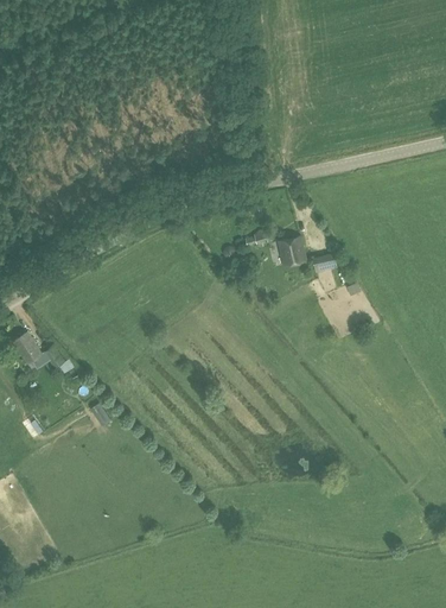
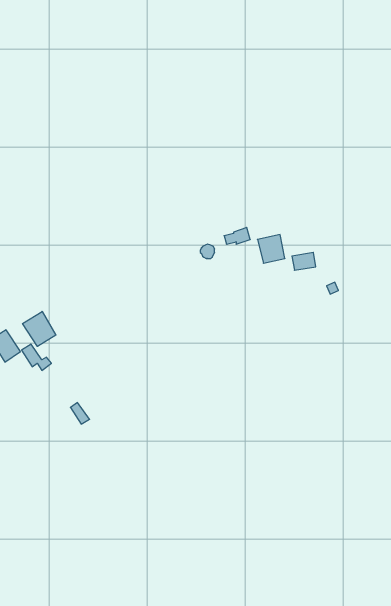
building: none -> [23,311,56,346]

